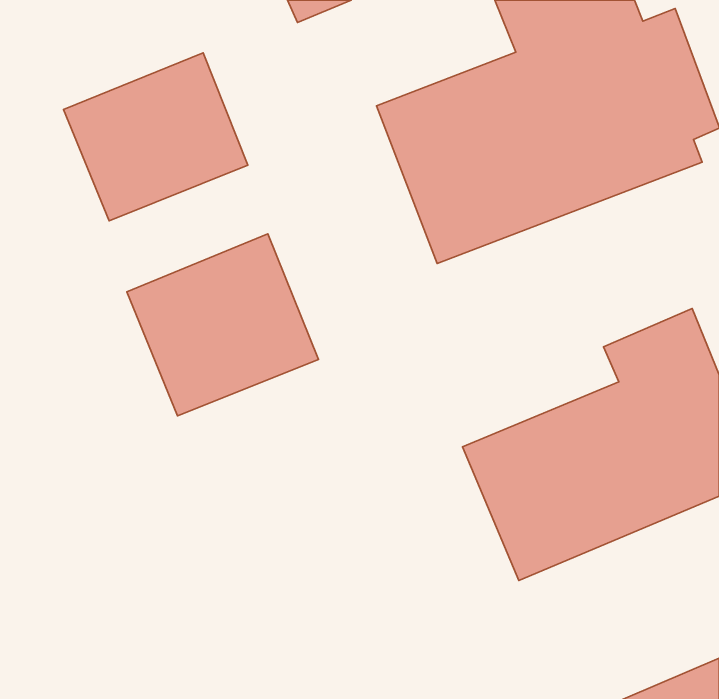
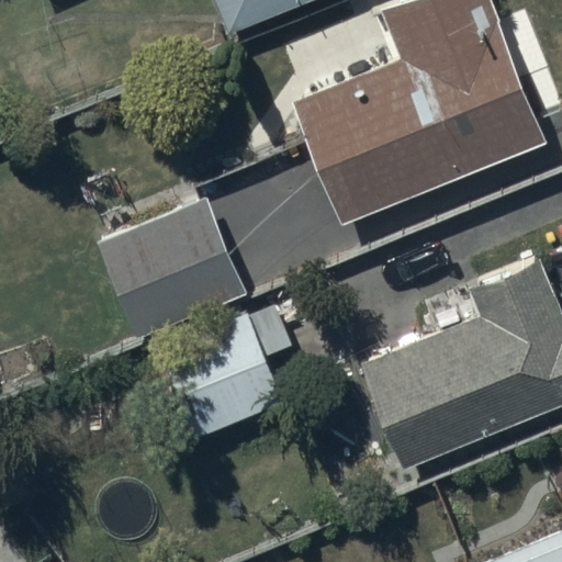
building: [63,53,248,221] -> none
building: none -> [168,339,283,441]

